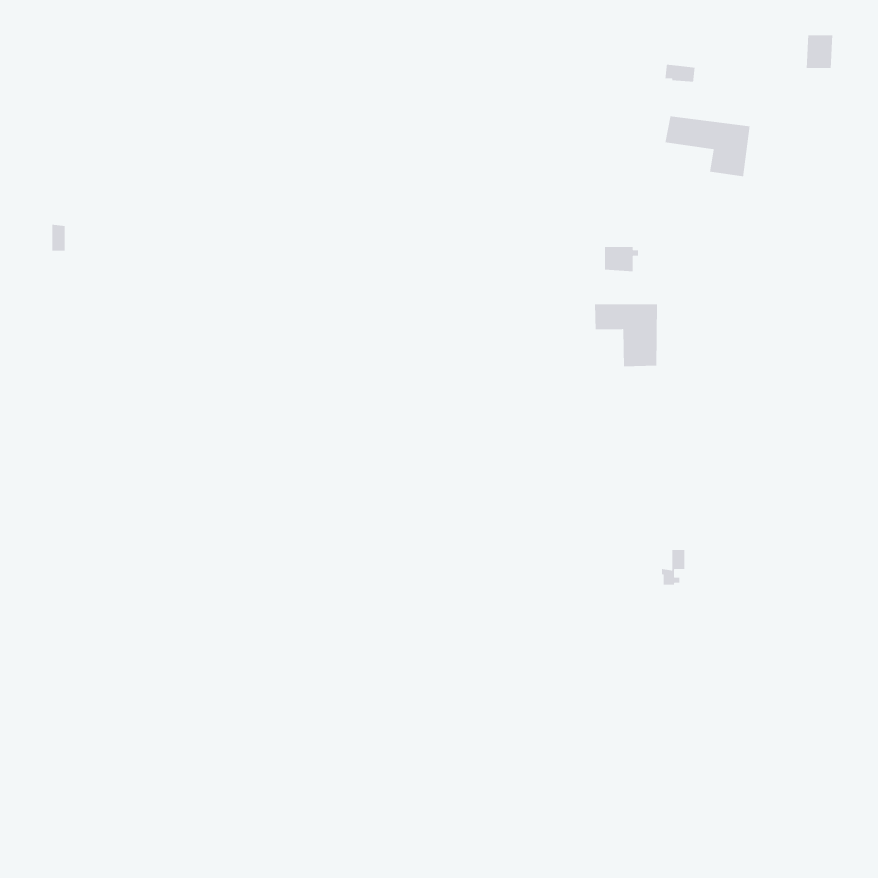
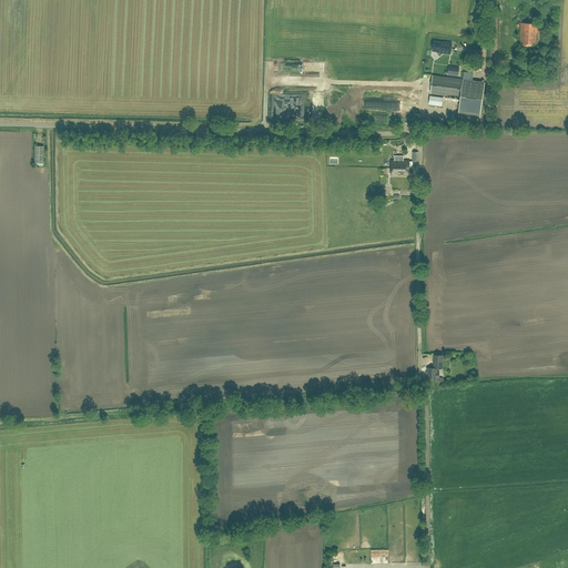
building: [594,304,658,367] -> none

